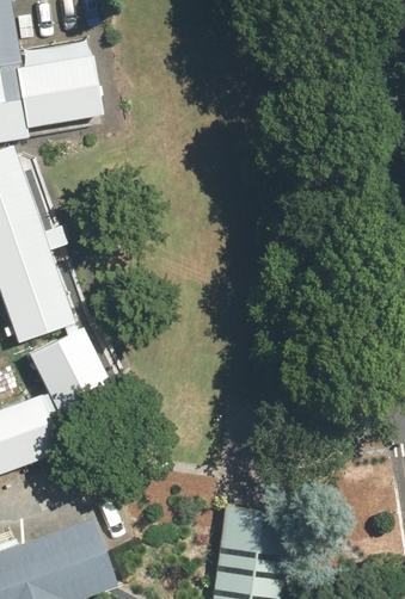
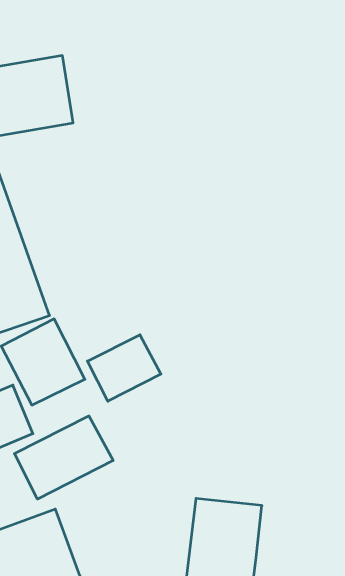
building: none -> [87,335,161,401]
building: none -> [14,416,113,499]

